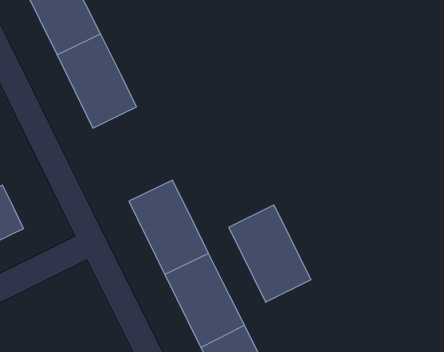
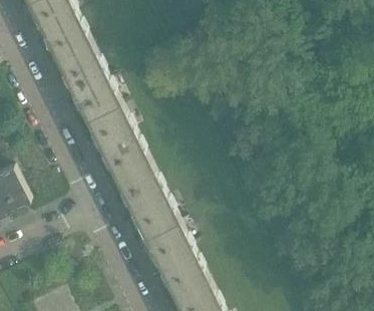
building: none -> [85,105,149,182]
building: [229,205,311,302] -> none

